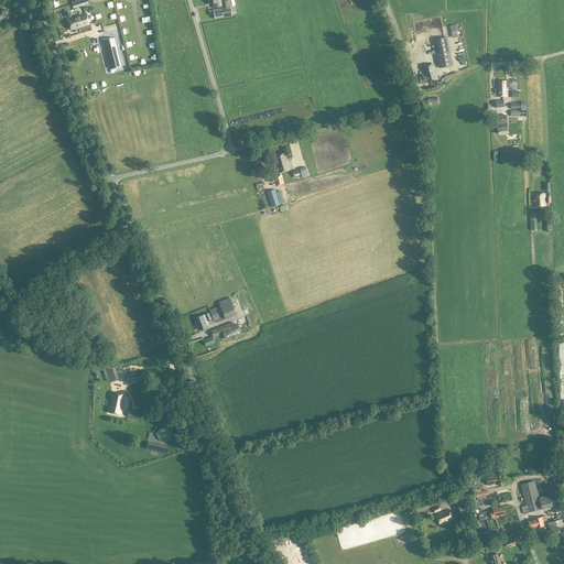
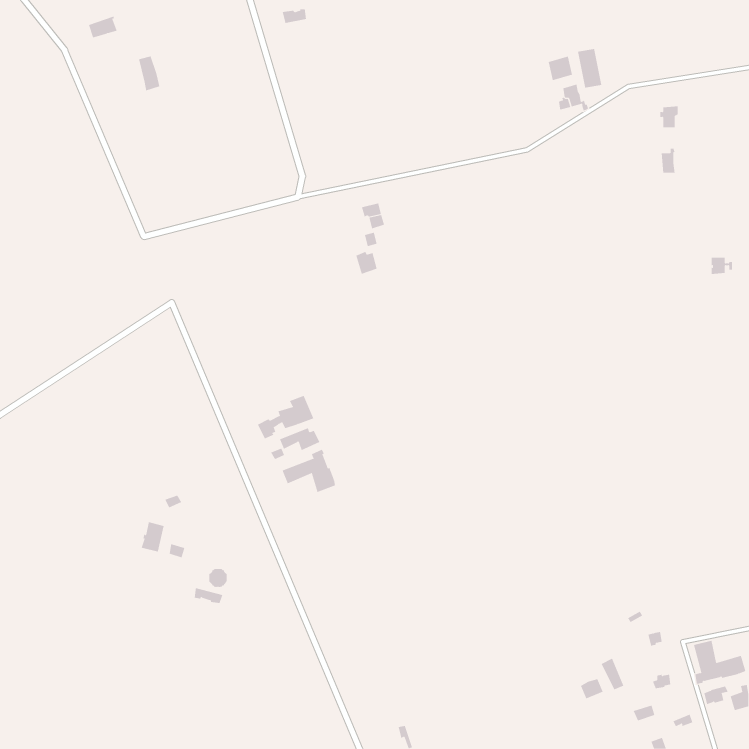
building: none -> [282,449,335,493]

